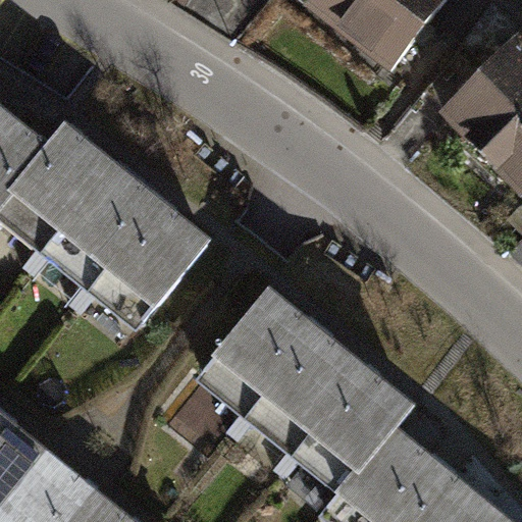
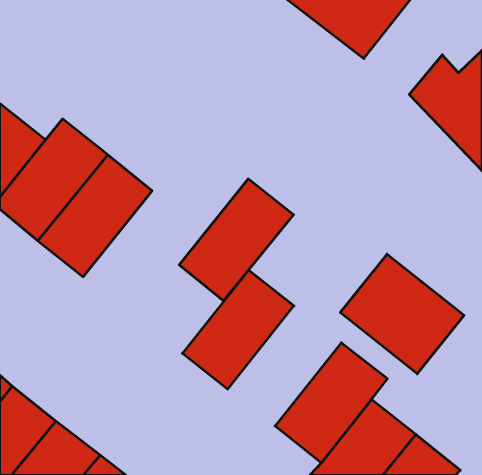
building: [90,206,213,337] -> [179,179,294,301]
building: none -> [340,254,464,374]
building: [246,330,368,460] -> none

